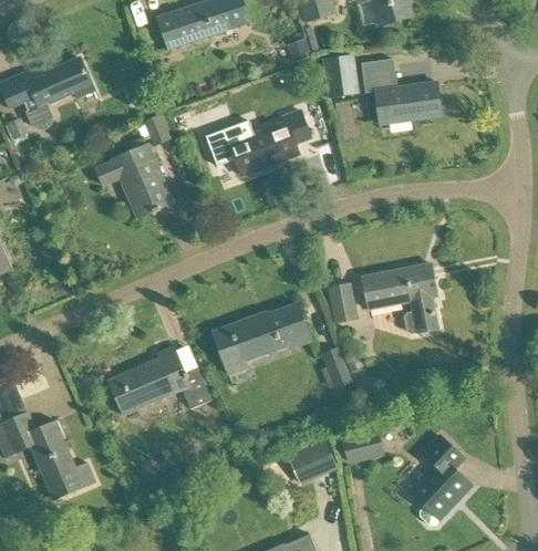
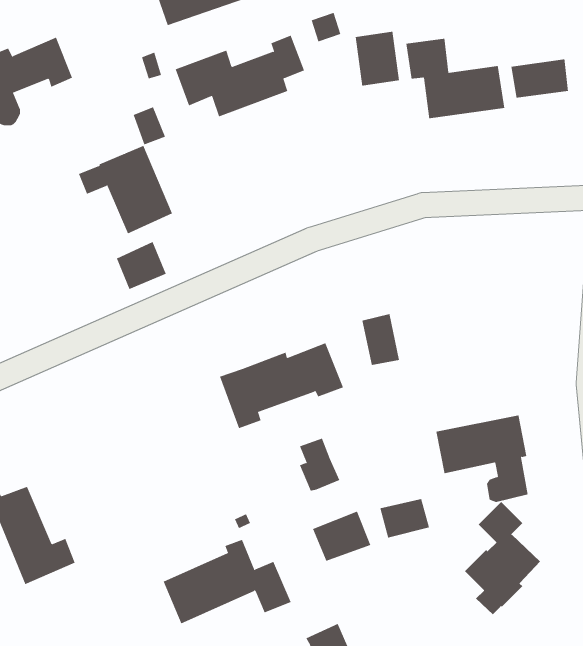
building: none -> [511,58,568,99]
building: [206,108,311,175] -> [175,35,305,117]
building: none -> [116,241,167,290]
building: [363,262,438,333] -> [436,415,529,503]
building: [321,345,354,388] -> [299,438,340,491]
building: [108,347,213,416] -> [163,539,292,624]

